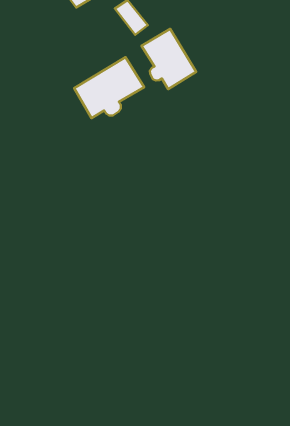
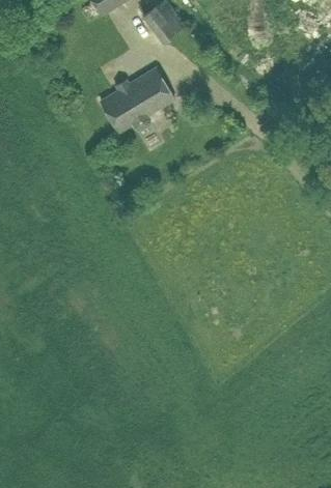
building: [142,29,196,89] -> none

